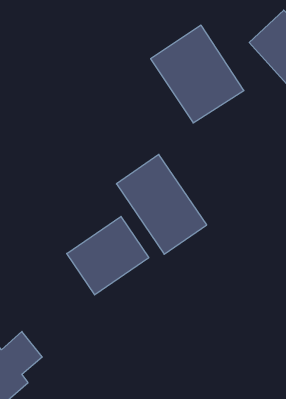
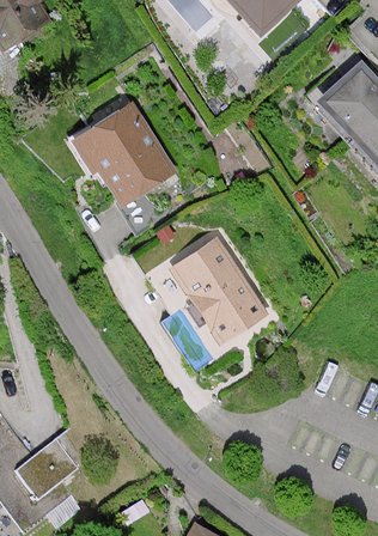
building: [151,25,244,123] -> [69,98,179,213]
building: [67,216,149,295] -> none

